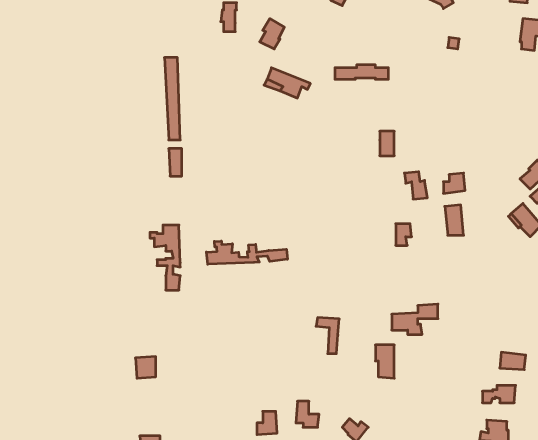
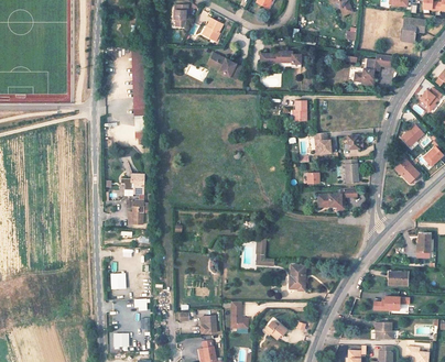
building: none -> [355,53,393,84]
building: [206,241,287,264] -> none
building: [392,304,438,334] -> [322,187,357,210]

